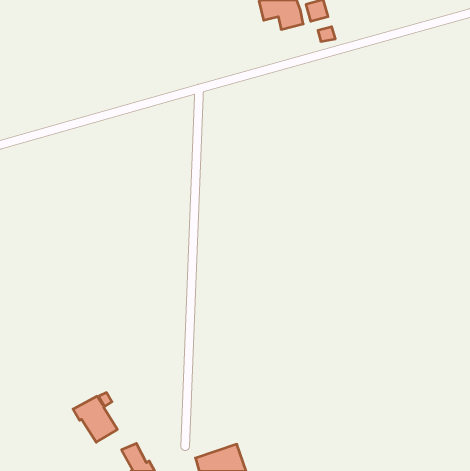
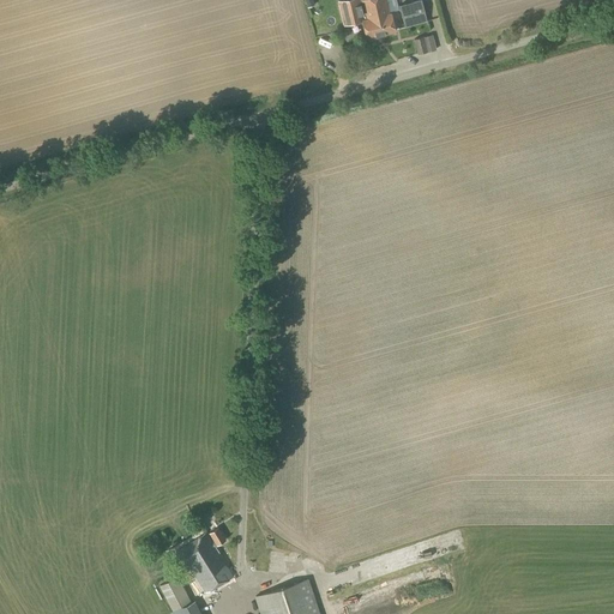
building: [73,393,117,442] -> [176,528,234,592]

